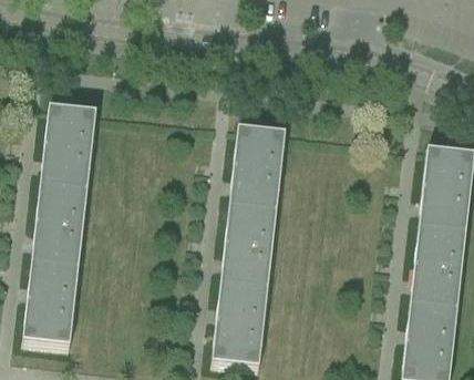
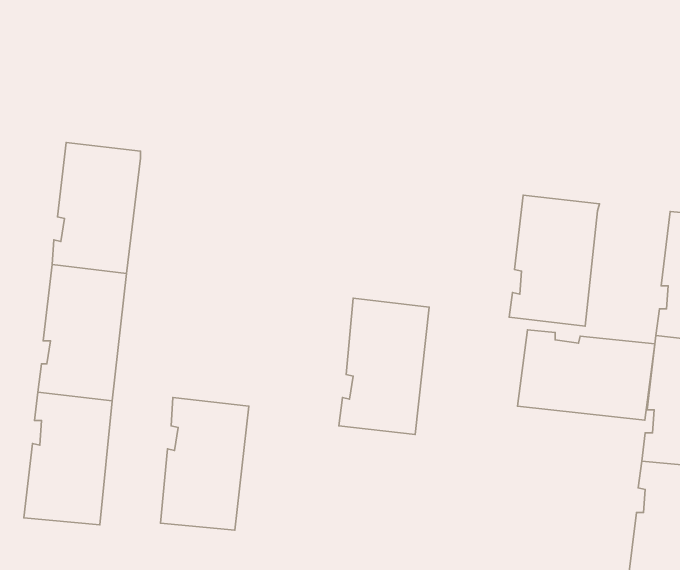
building: [229,122,286,204] -> [509,195,599,326]
building: none -> [518,330,655,420]
building: [213,278,268,361] -> [160,397,249,530]

